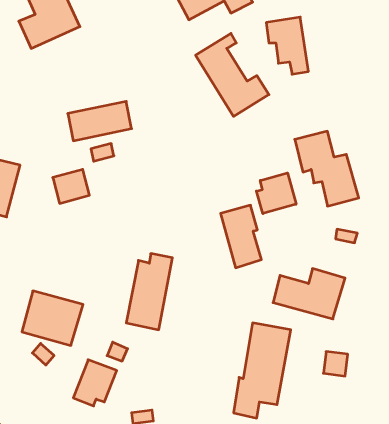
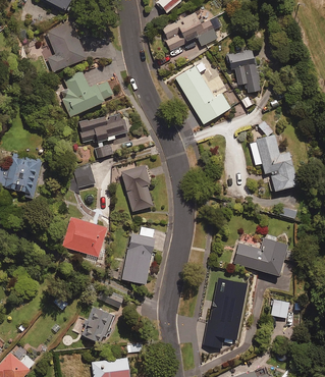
building: none -> [59,70,115,117]
building: [256,173,296,214] -> none
building: [221,205,261,268] -> [122,165,153,212]
building: [22,291,83,345] -> [62,217,108,258]

